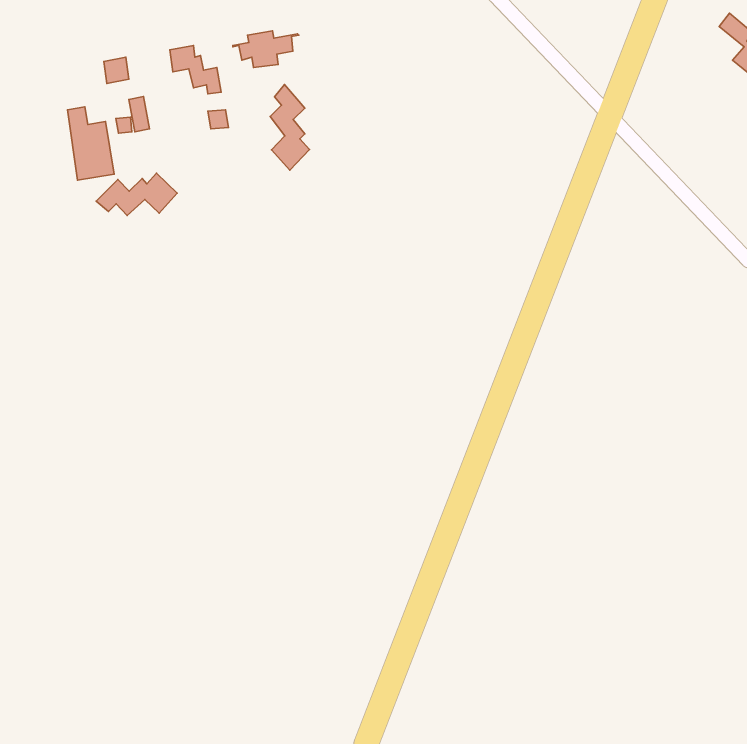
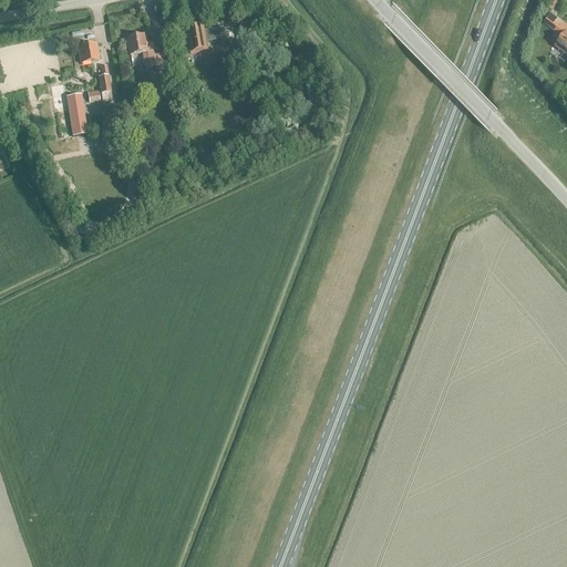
building: [270,84,310,170] -> none
building: [96,173,177,215] -> none

